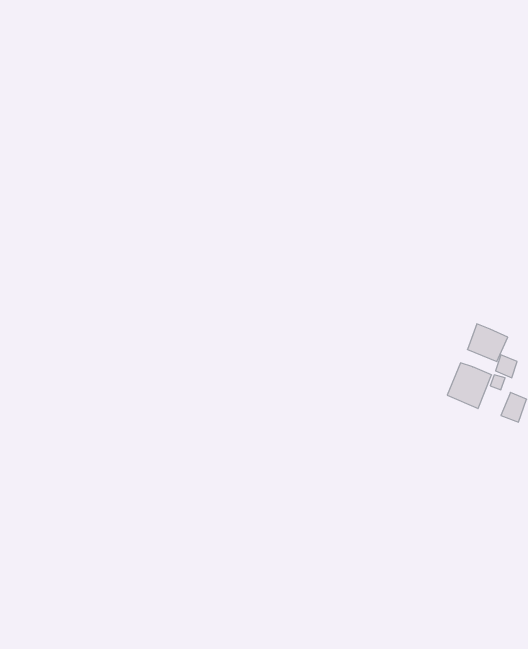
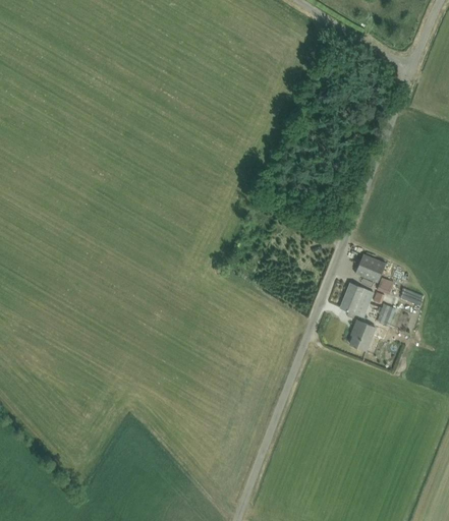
building: none -> [348,321,375,350]

